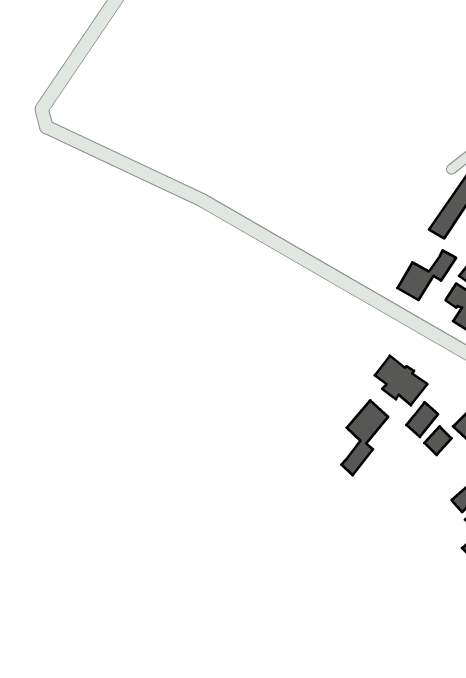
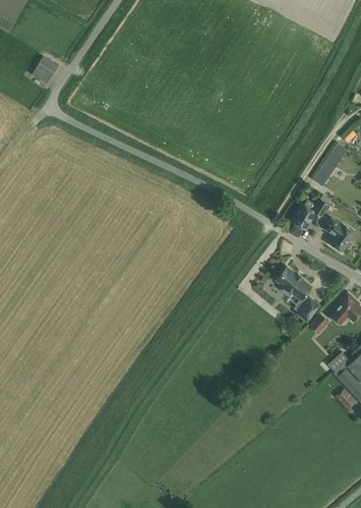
building: none -> [32,57,58,83]
building: [341,400,388,475] -> none

